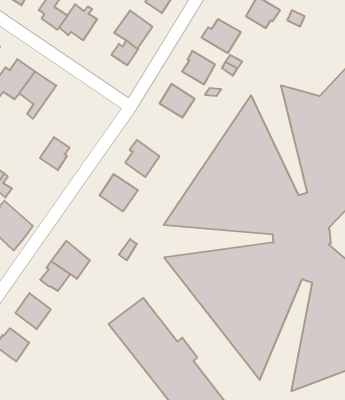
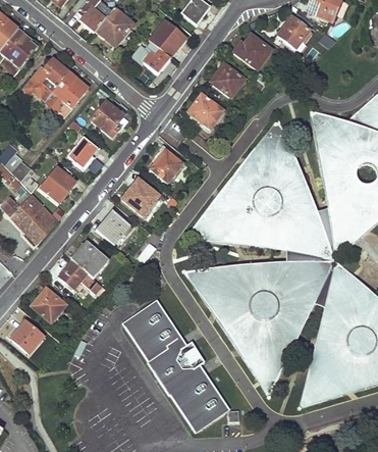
building: none -> [92,102,125,138]
building: none -> [41,168,75,204]
building: none -> [97,210,131,246]

